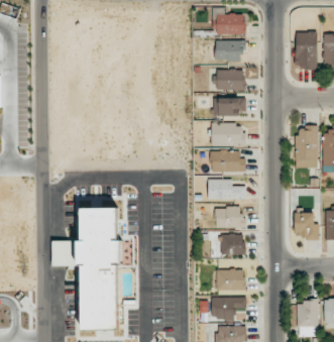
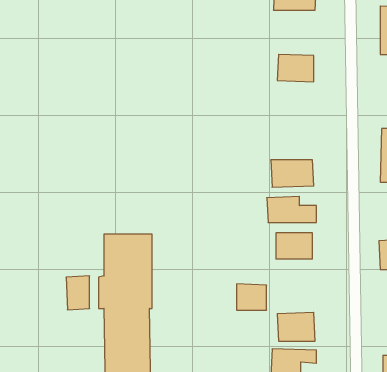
building: [215,40,244,61] -> none
building: [213,97,246,116] -> none
building: [211,123,242,145] -> none
building: [221,234,244,254] -> [237,284,267,310]

